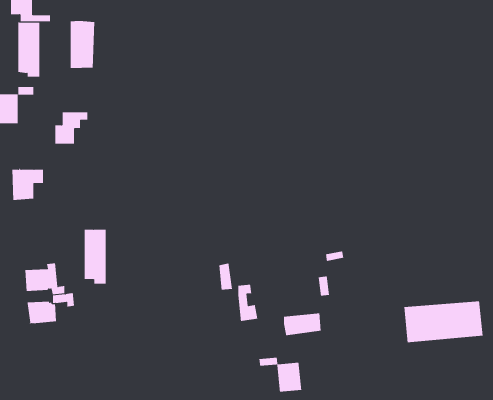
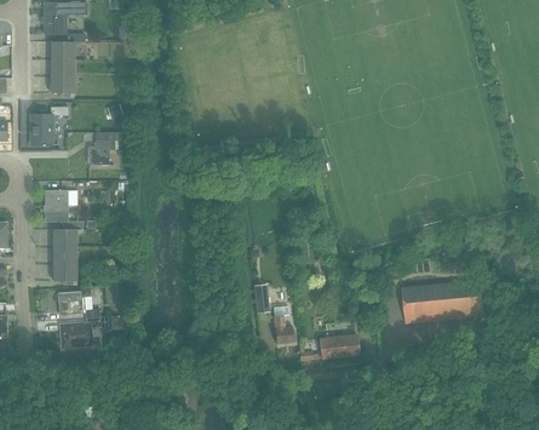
building: [70,20,95,69] -> none
building: [84,229,107,284] -> [52,229,75,285]
building: [403,301,484,343] -> [402,281,483,323]
building: [259,357,302,393] -> none

